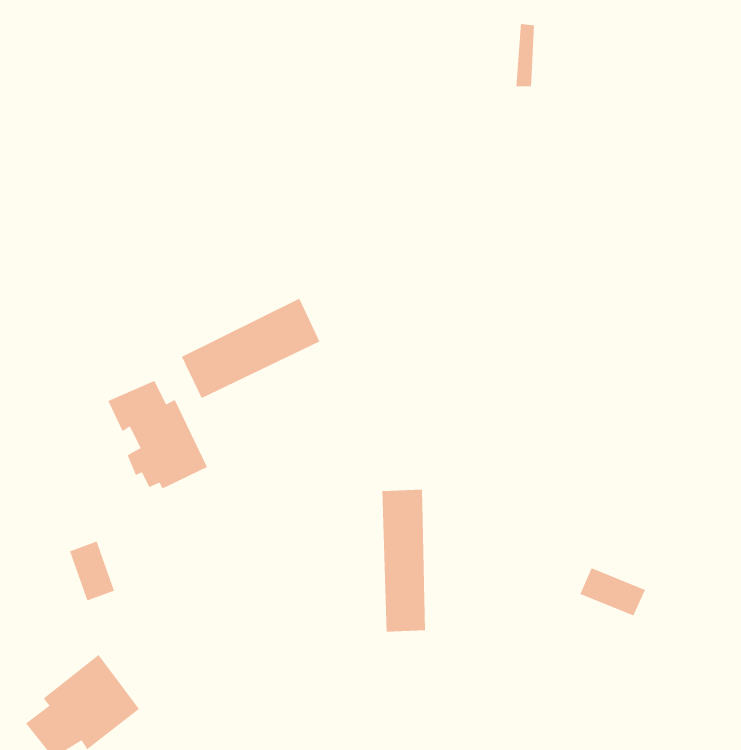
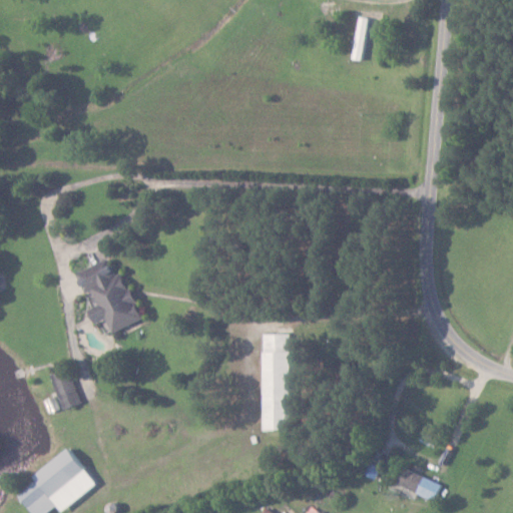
building: [181,298,320,399] -> none
building: [579,568,646,616] -> [394,468,439,501]

